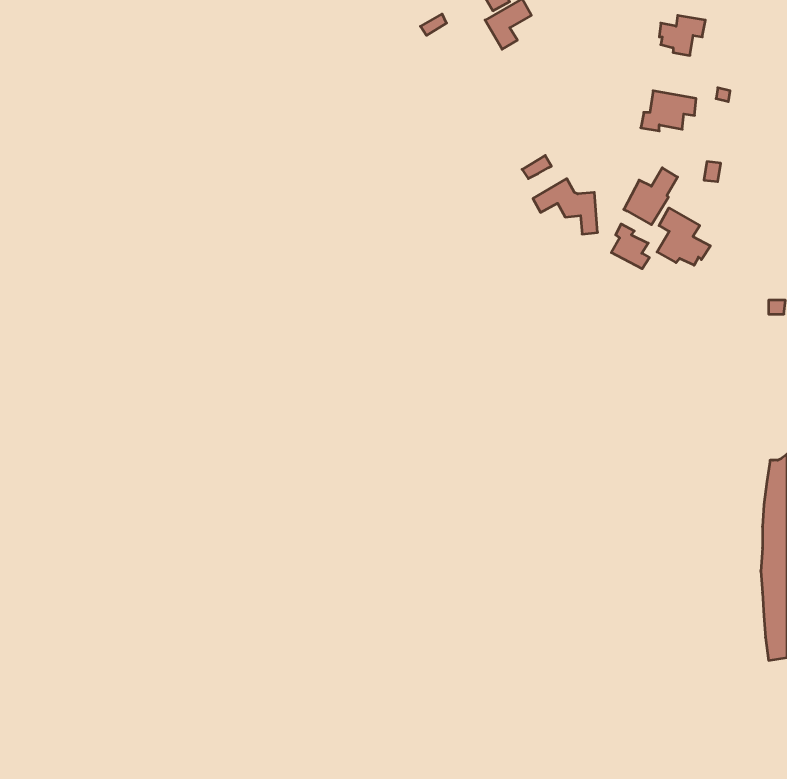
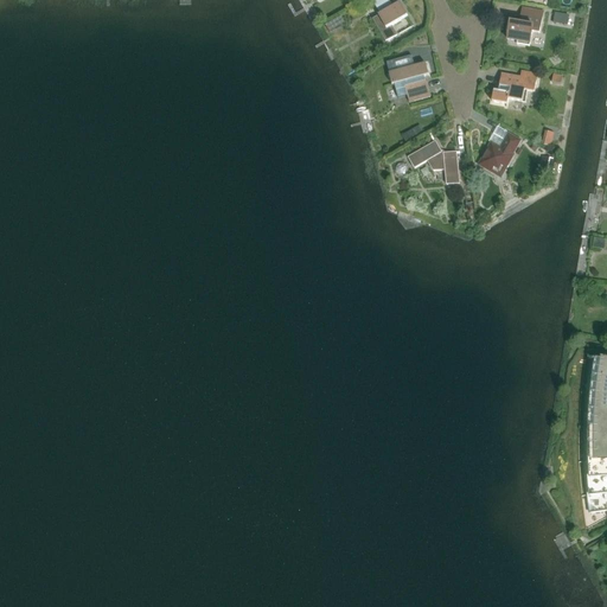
building: none -> [390,59,432,98]
building: [657,208,710,265] -> none
building: [611,224,649,269] -> none

